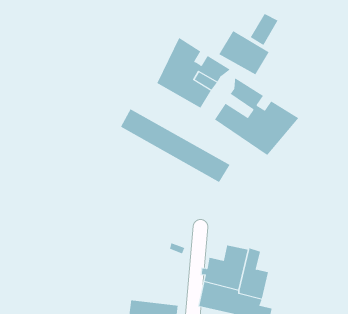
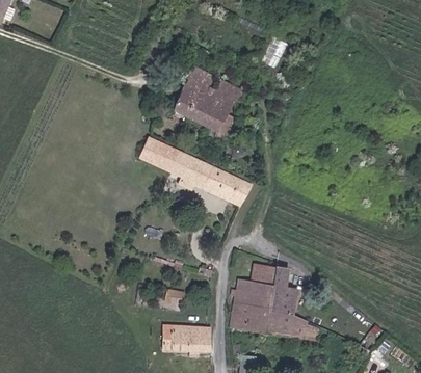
building: [219,30,270,75] -> none
building: [214,77,299,156] -> none

